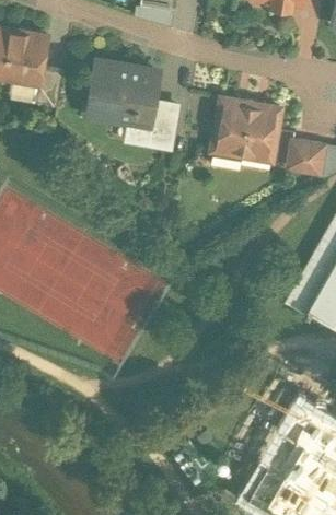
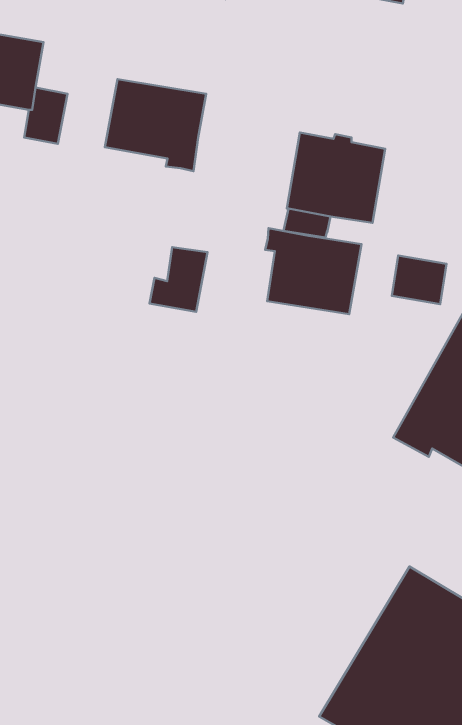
building: [138,102,177,145] -> [150,247,208,312]
building: [288,141,325,174] -> [392,256,447,304]
building: none -> [265,228,362,314]

